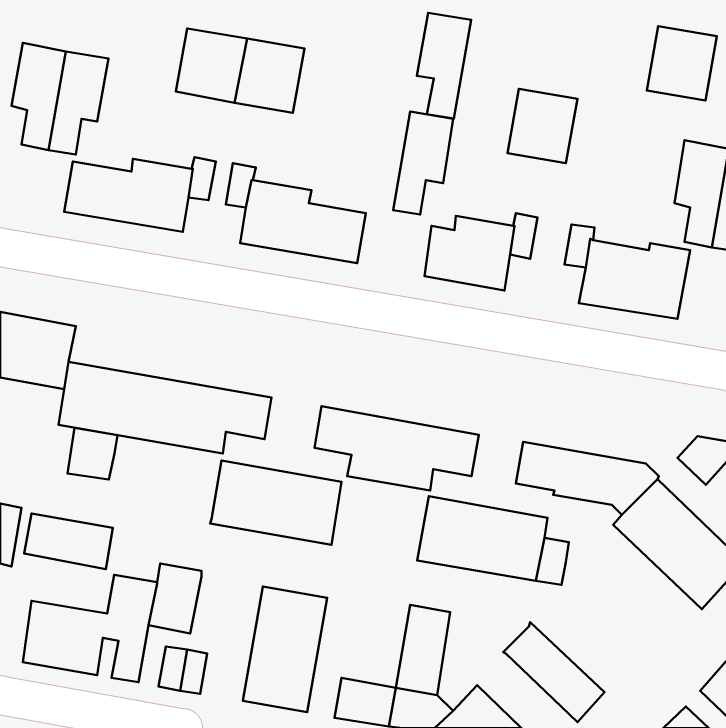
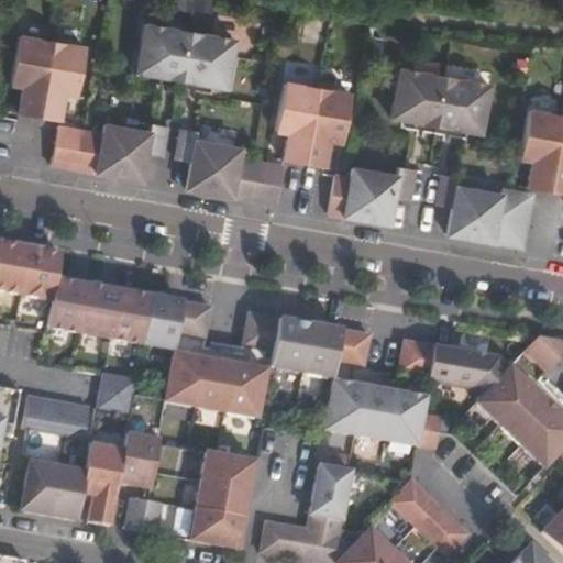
building: [417,13,471,119] -> [277,80,319,162]
building: [647,26,717,100] -> [439,76,493,133]
building: [67,428,117,479] -> [98,374,136,413]

